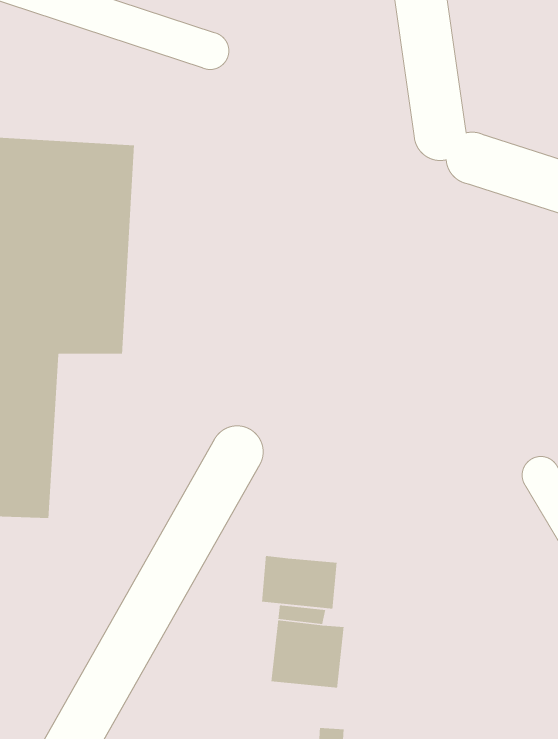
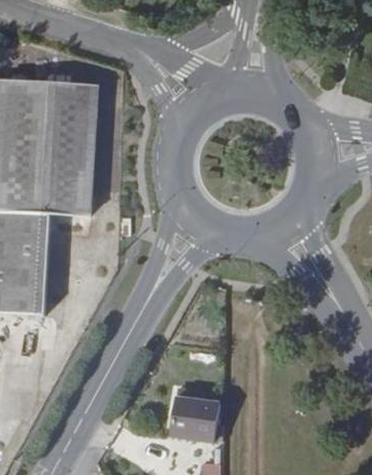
building: [261,555,337,609] -> none

